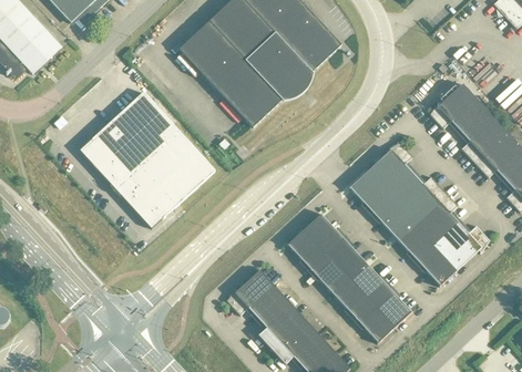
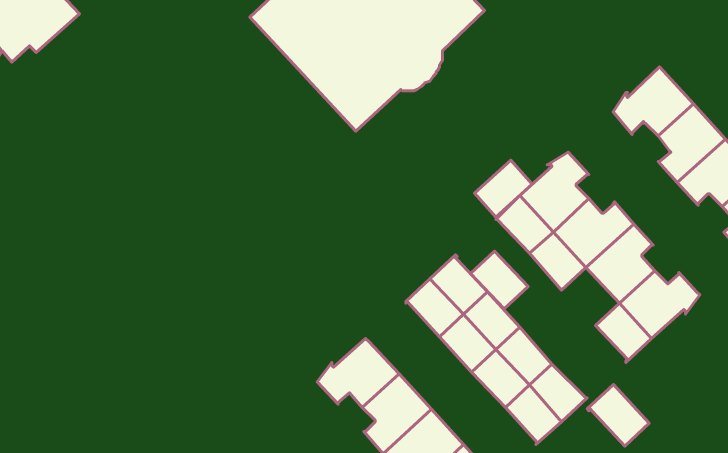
building: [80,92,215,228] -> none
building: none -> [474,160,532,217]
building: [395,221,434,261] -> [470,251,528,309]
building: none -> [587,384,649,446]

